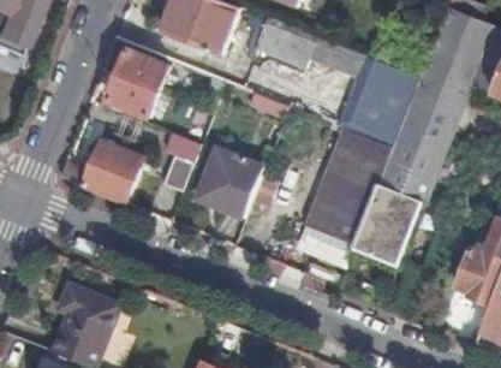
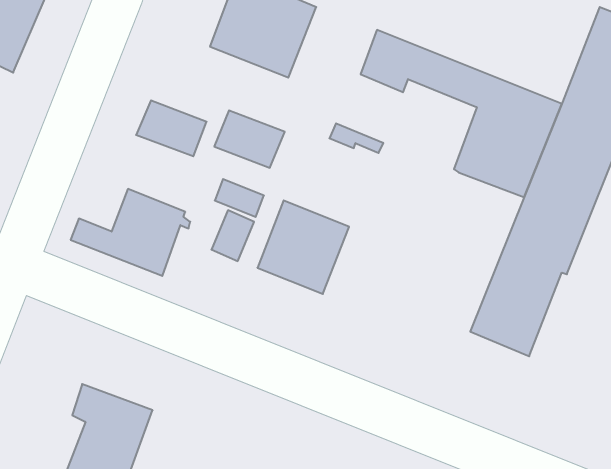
building: [115,48,167,90] -> [214,110,285,168]
building: [300,127,389,251] -> none

